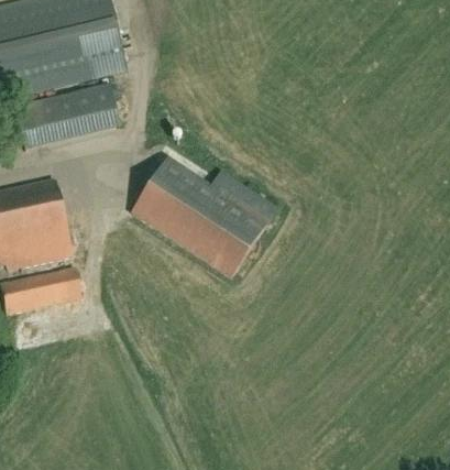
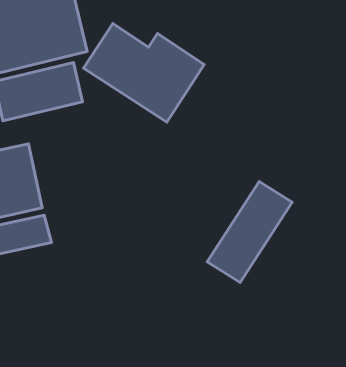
building: [132,157,277,276] -> [83,23,204,122]
building: none -> [207,181,292,283]

